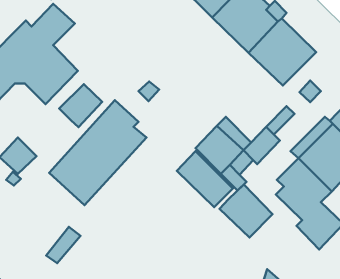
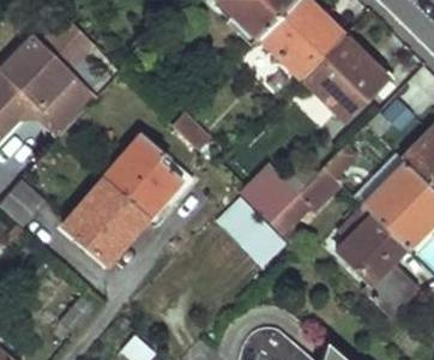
building: [59,84,102,127] -> none
building: [220,185,272,237] -> none

